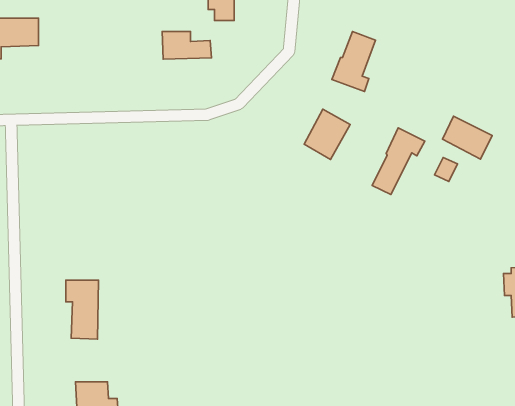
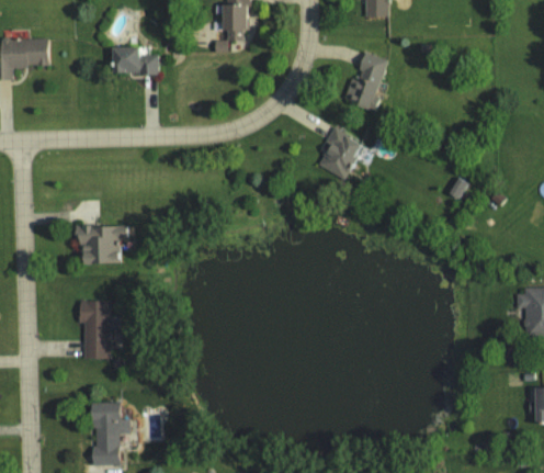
building: [162,32,211,59] -> [111,45,160,72]
building: [442,116,492,159] -> none
building: [372,128,425,194] -> none
building: none -> [73,224,126,262]

